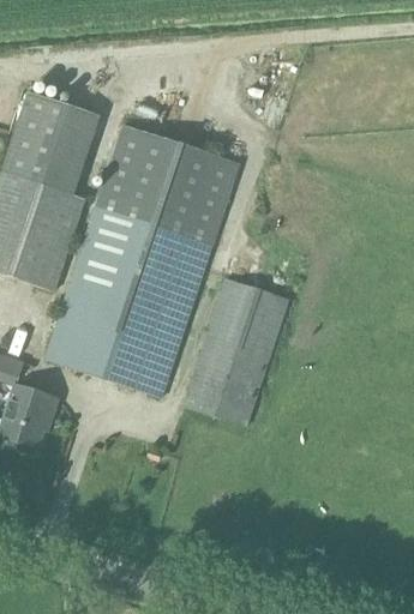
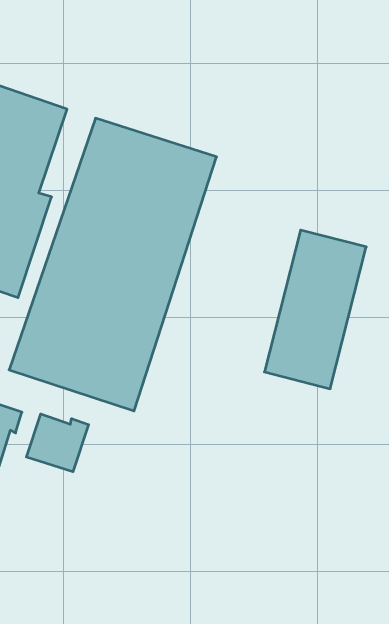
building: [179,277,274,425] -> [264,230,366,389]
building: none -> [26,414,89,472]

